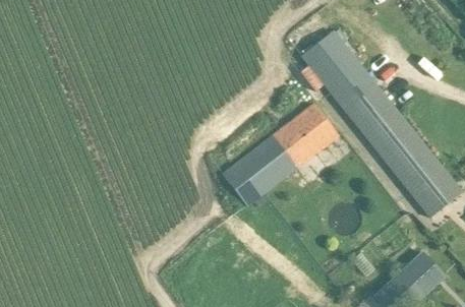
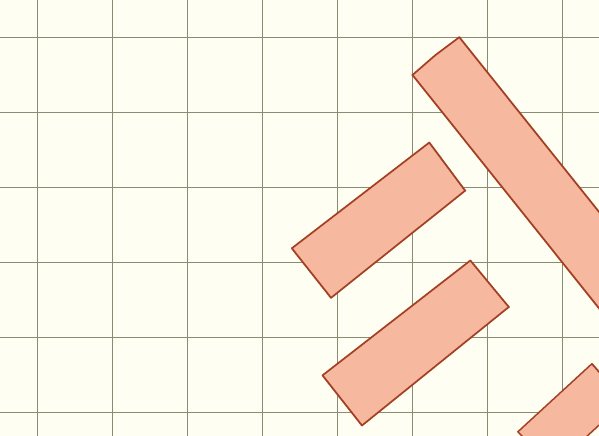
building: none -> [323,261,509,425]

